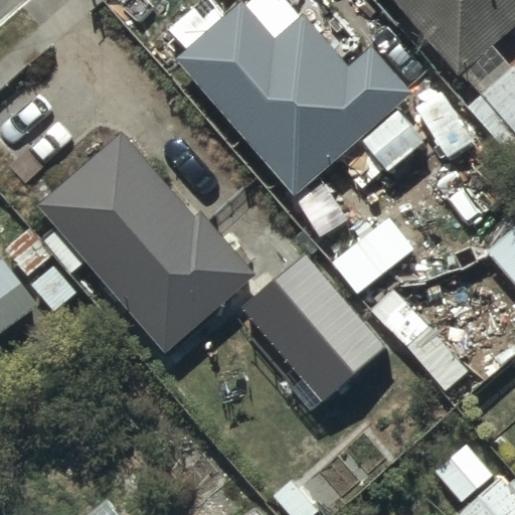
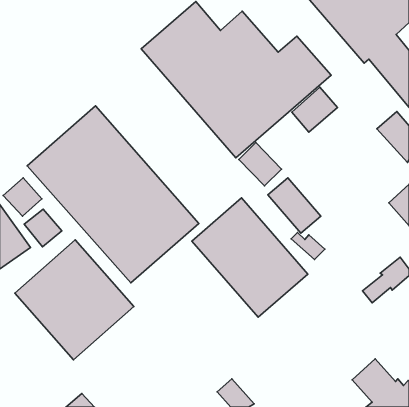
building: none -> [15,240,134,360]

